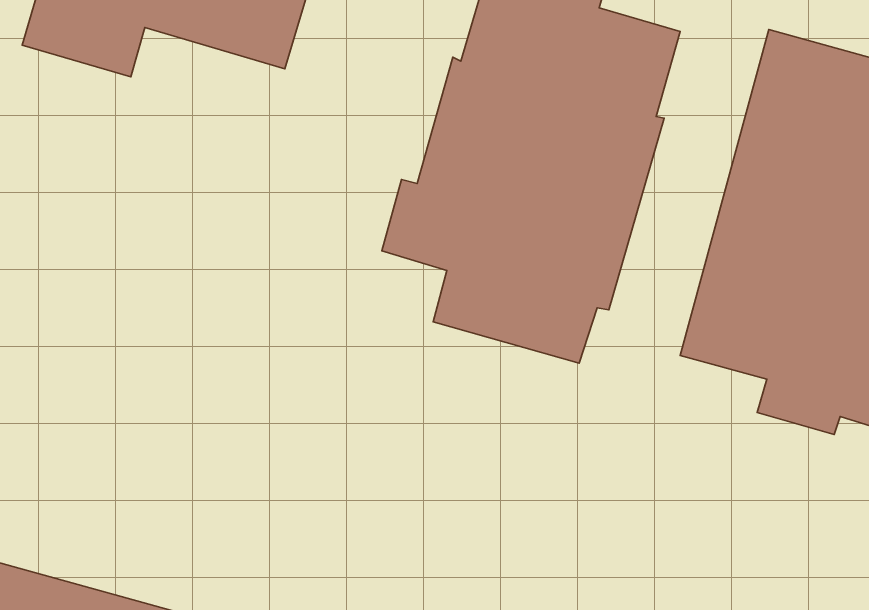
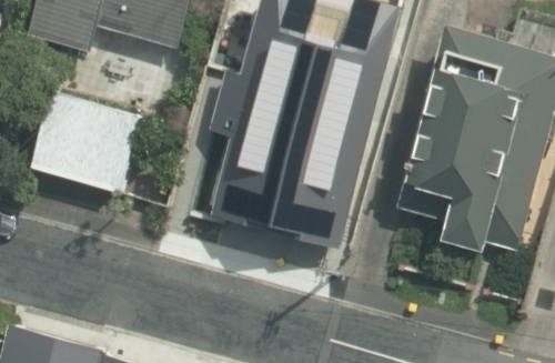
building: none -> [32,91,141,193]

